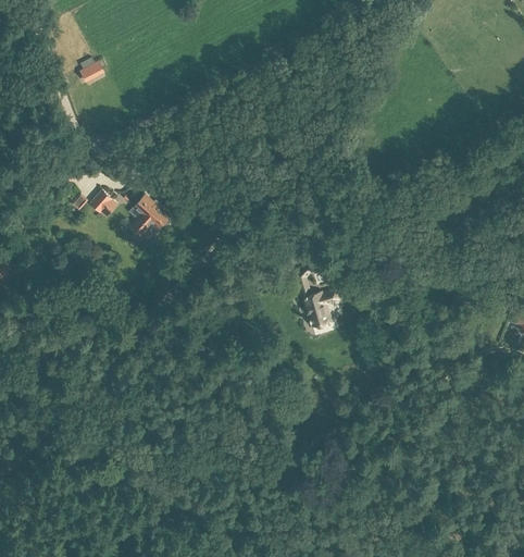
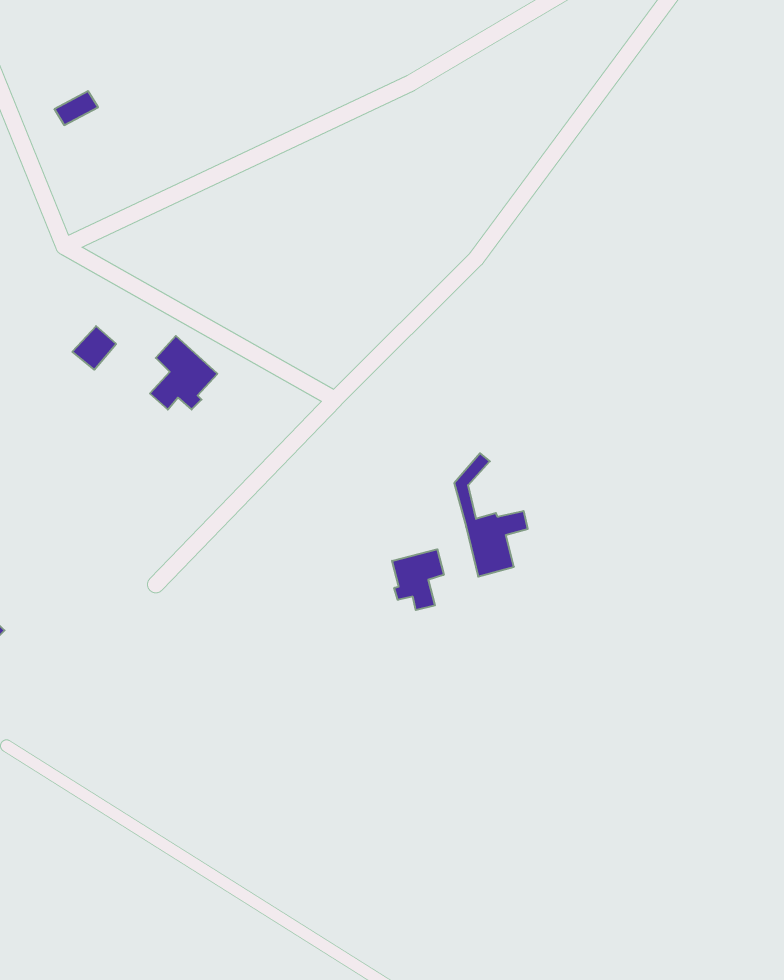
building: none -> [392,549,444,610]

